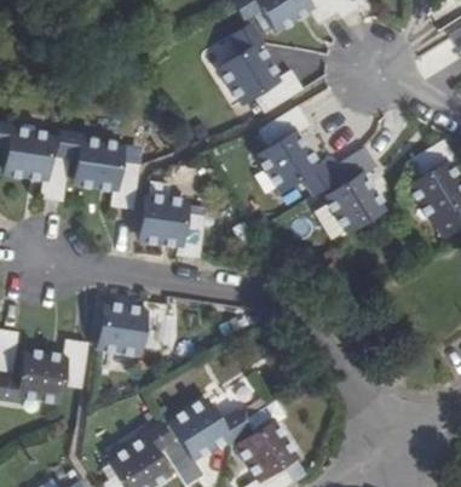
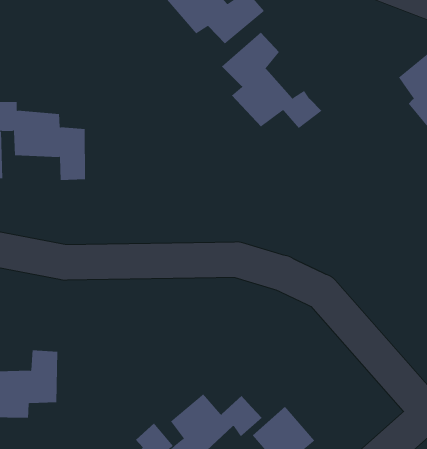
building: [329,145,386,228] -> none
building: [139,196,206,257] -> none
building: [98,300,163,348] -> none

